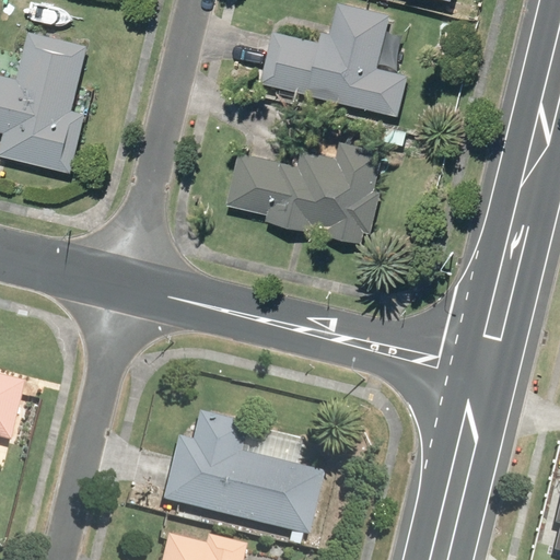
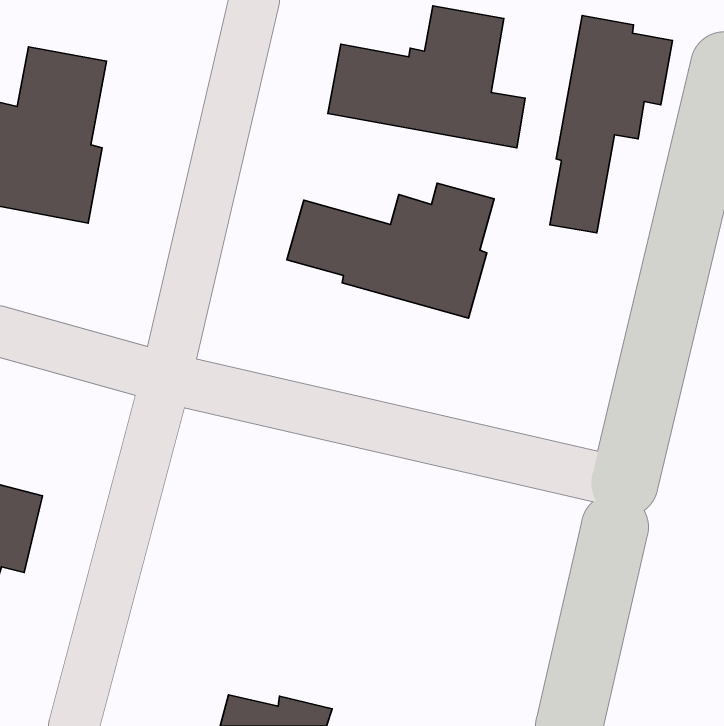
building: none -> [550,16,673,233]
building: [172,412,331,535] -> none

